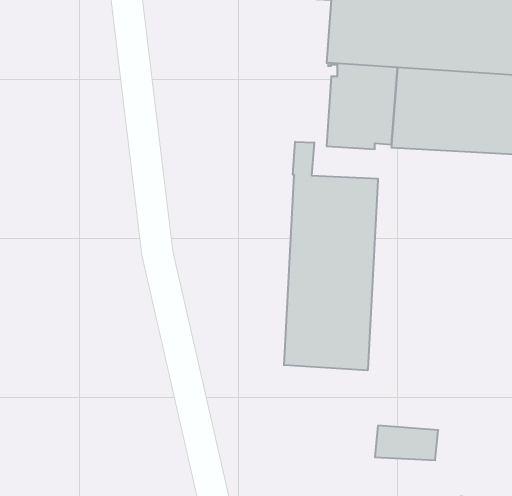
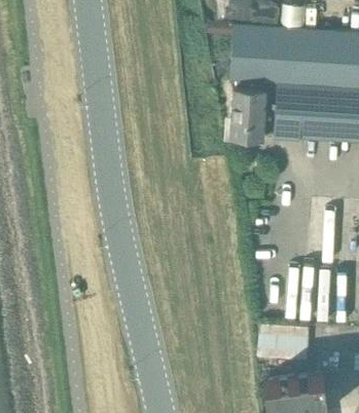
building: [284,142,378,370] -> none

